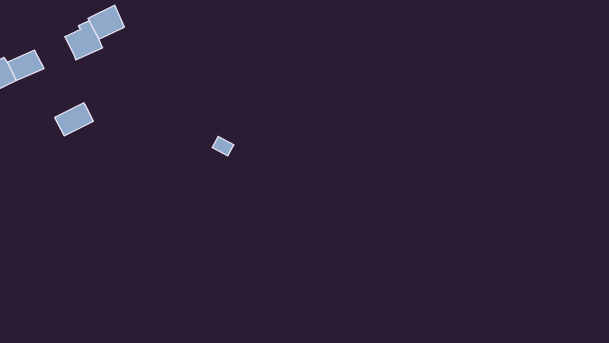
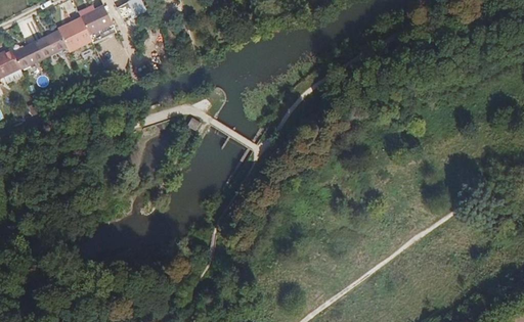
building: [55,103,93,136] -> [35,32,68,59]

